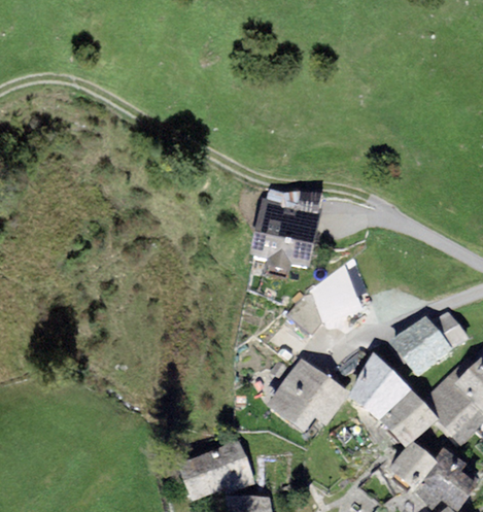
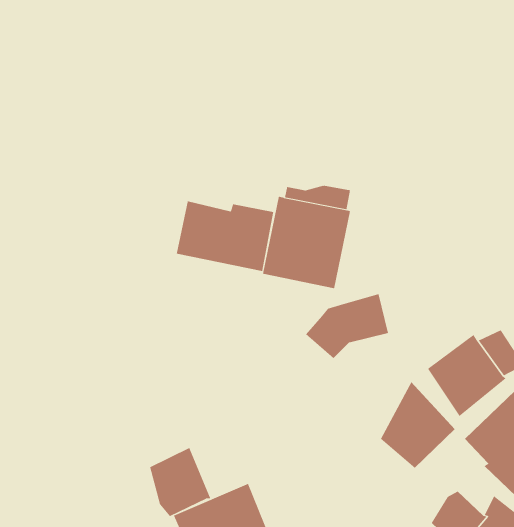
building: none -> [176,200,274,272]
building: [266,355,349,435] -> none
building: [377,390,438,447] -> none
building: none -> [149,447,211,517]

